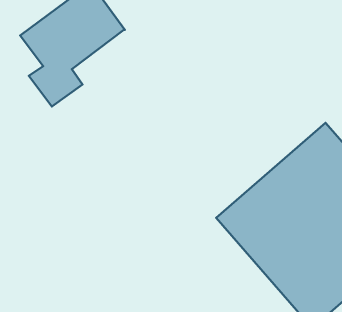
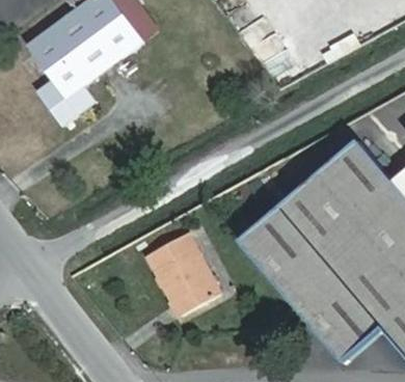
building: none -> [143,234,223,319]

